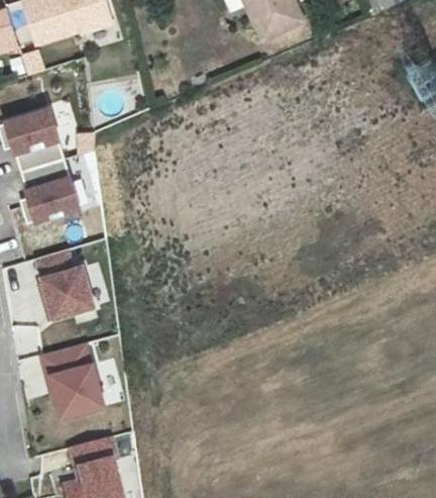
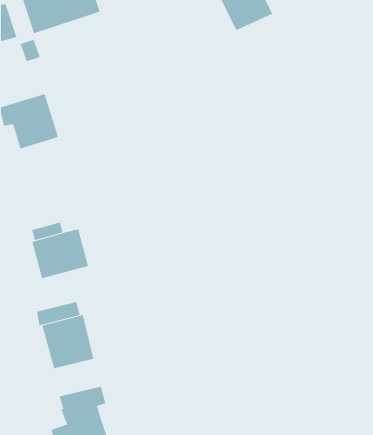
building: [20,160,80,223] -> none

